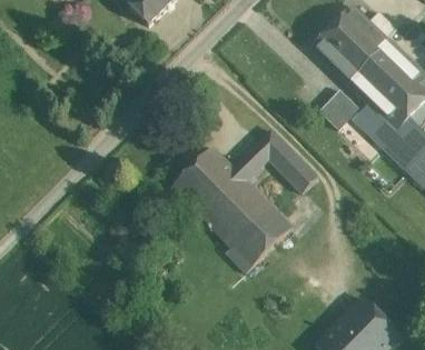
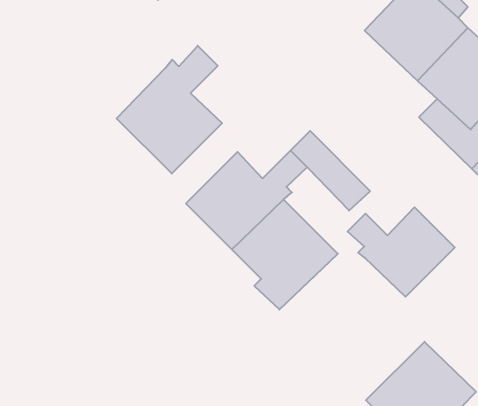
building: none -> [117,46,222,174]
building: [317,87,356,126] -> none
building: none -> [348,207,455,297]

